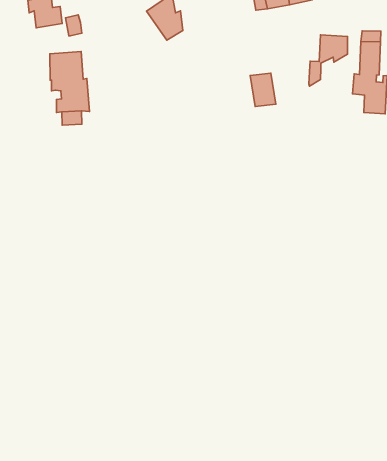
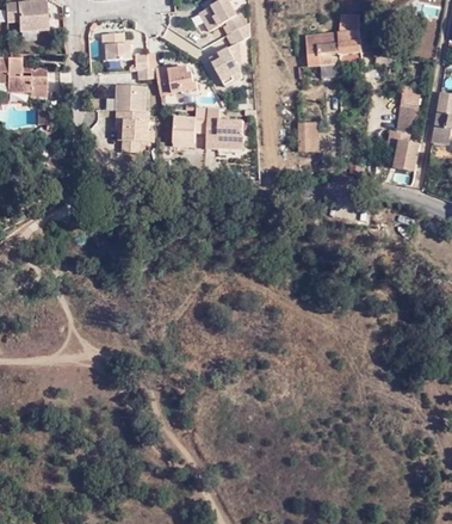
building: none -> [156,64,199,93]
building: [309,35,348,86] -> none
building: none -> [172,106,243,148]

